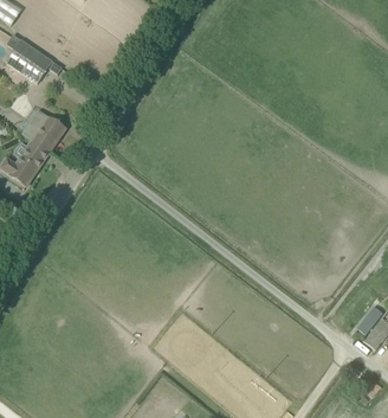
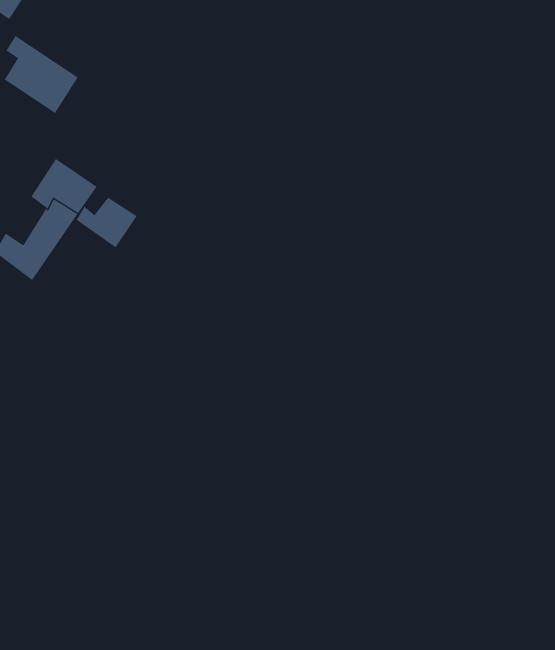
building: none -> [76,197,138,248]

